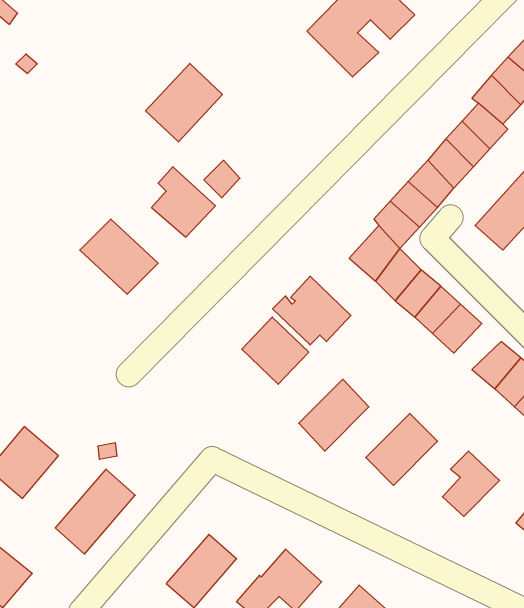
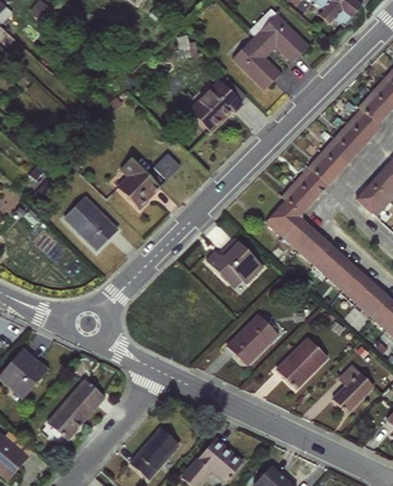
building: [146,63,222,142] -> [190,75,247,133]
building: [242,317,309,384] -> none
building: none -> [340,271,375,305]

